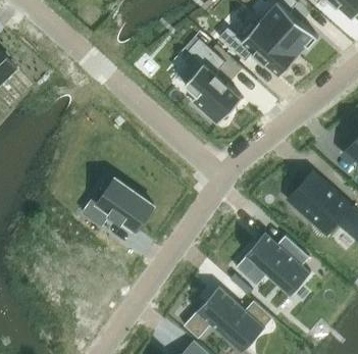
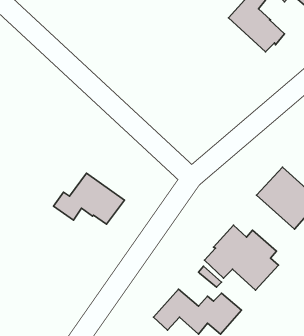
building: [219,12,299,75] -> none
building: [178,38,243,125] -> none

